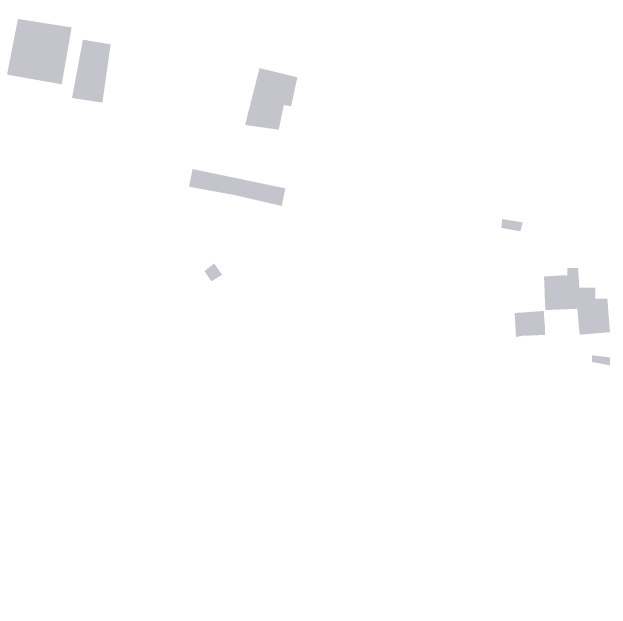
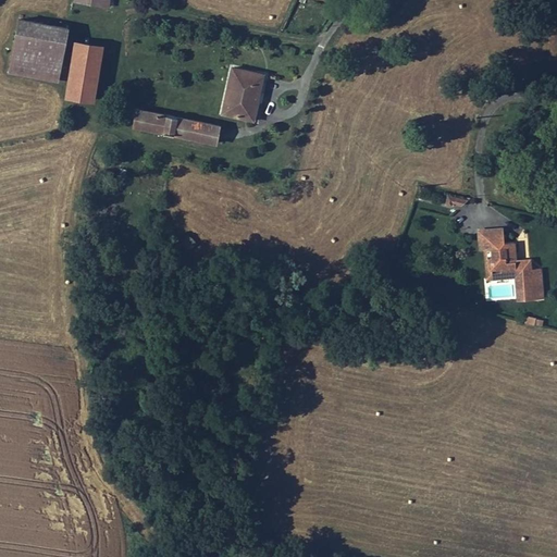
building: [188,169,286,207] -> [133,110,220,144]
building: [514,310,546,338] -> [478,227,506,251]

